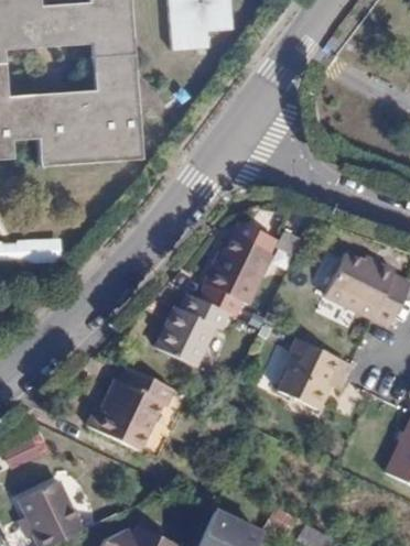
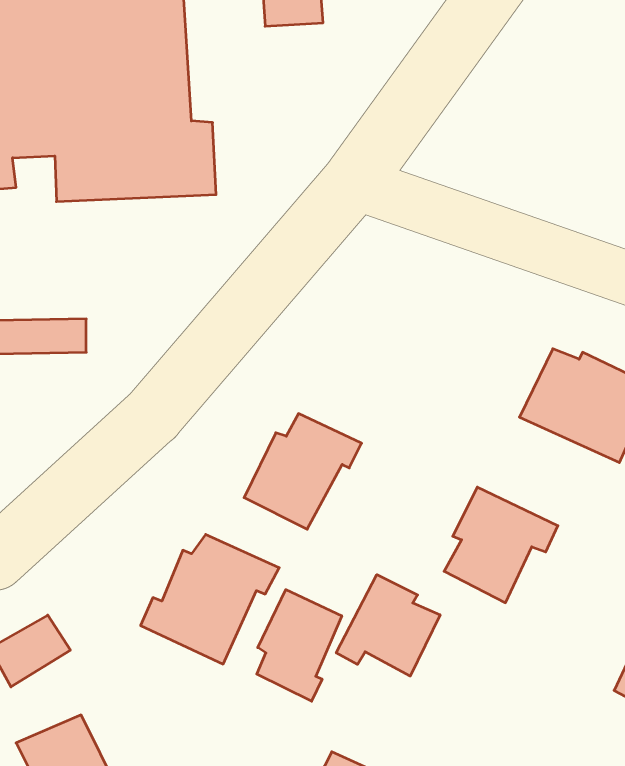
building: [208,230,279,307] -> none
building: none -> [336,575,440,676]
building: none -> [257,590,342,701]

